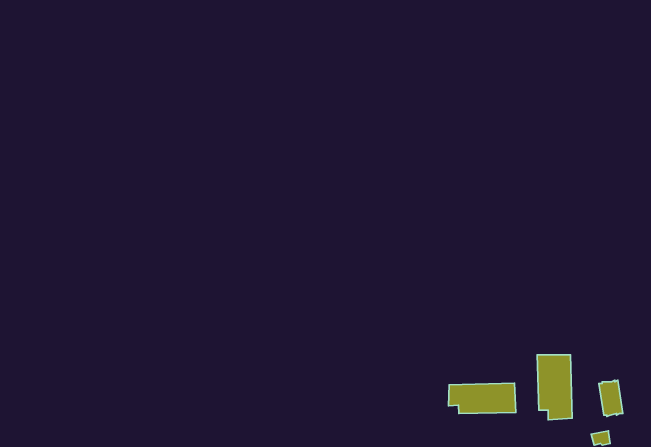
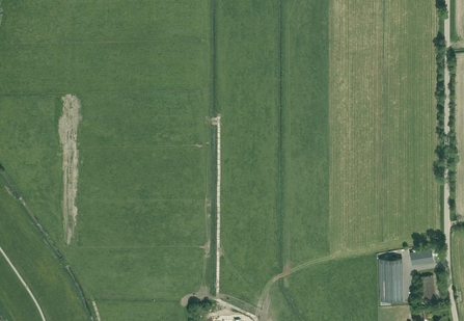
building: [449,383,516,414] -> none

